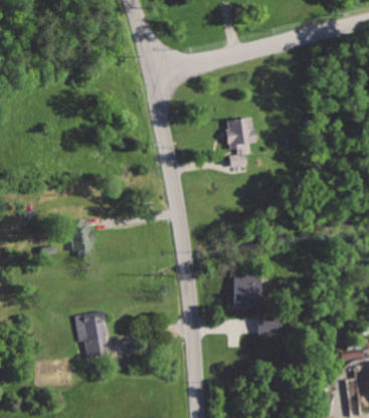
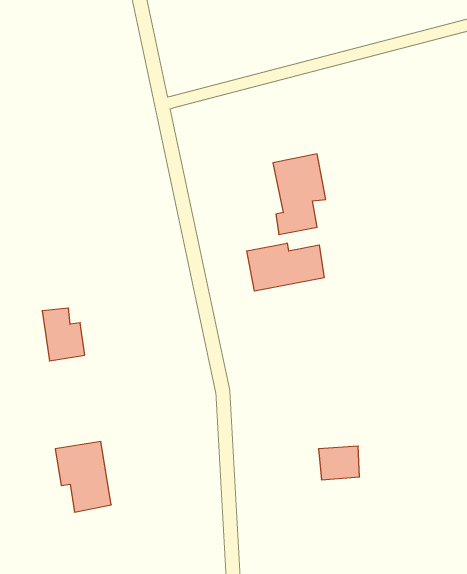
building: none -> [247,243,324,291]
building: [233,272,262,307] -> none

